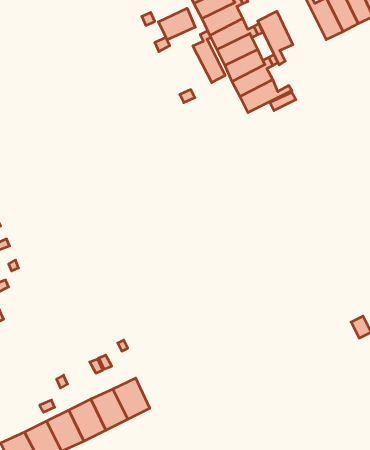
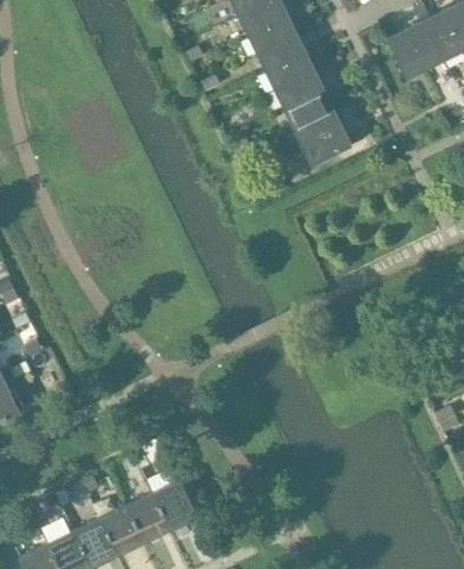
building: [158,8,195,40] -> none
building: [258,11,293,65] -> none
building: [193,31,225,83] -> none

